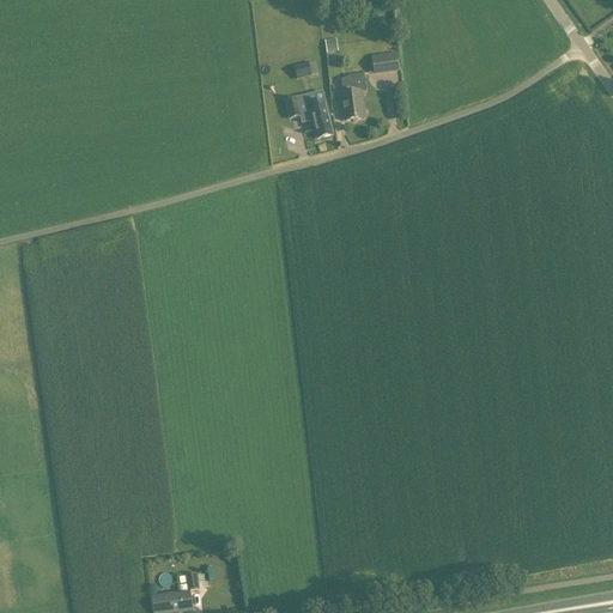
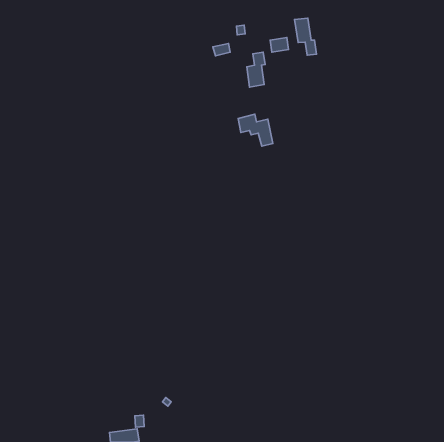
building: none -> [294,18,316,55]
building: [284,92,332,136] -> [238,114,273,146]

